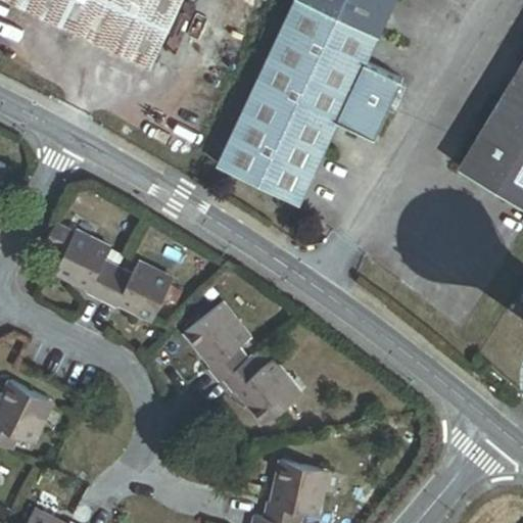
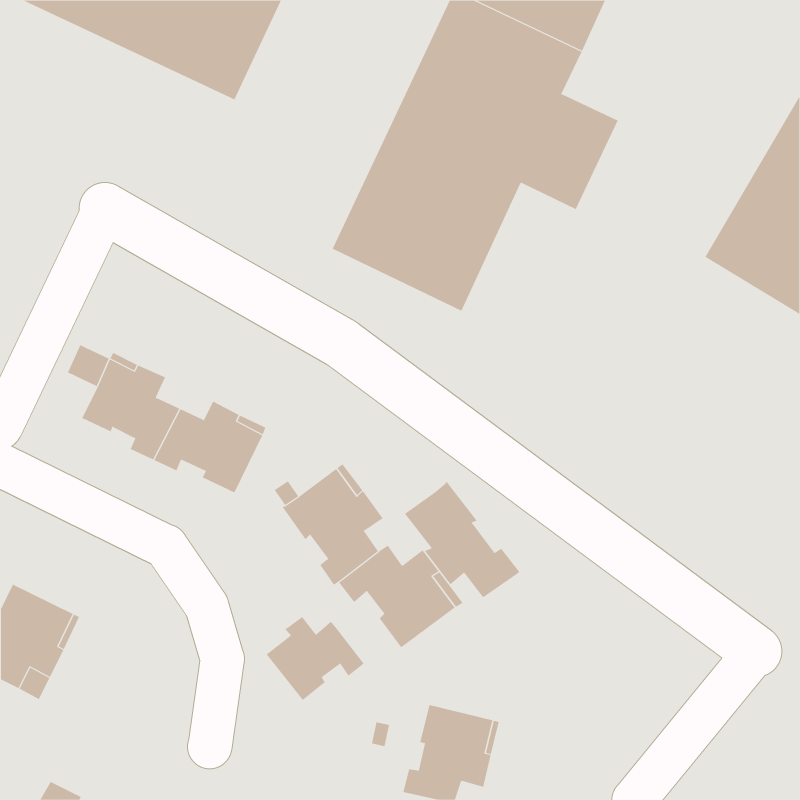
building: none -> [404,481,520,598]
building: none -> [266,616,365,701]

